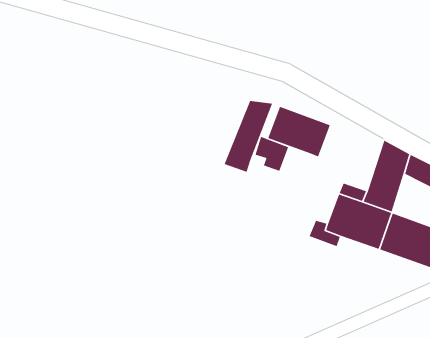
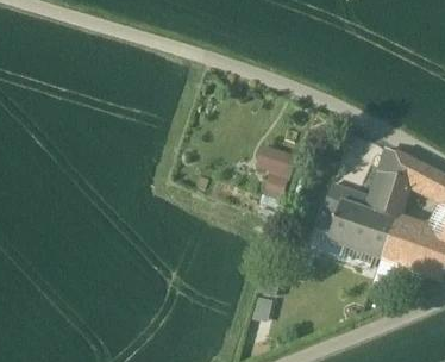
building: [224,100,273,173] -> none
building: [267,106,331,158] -> none

